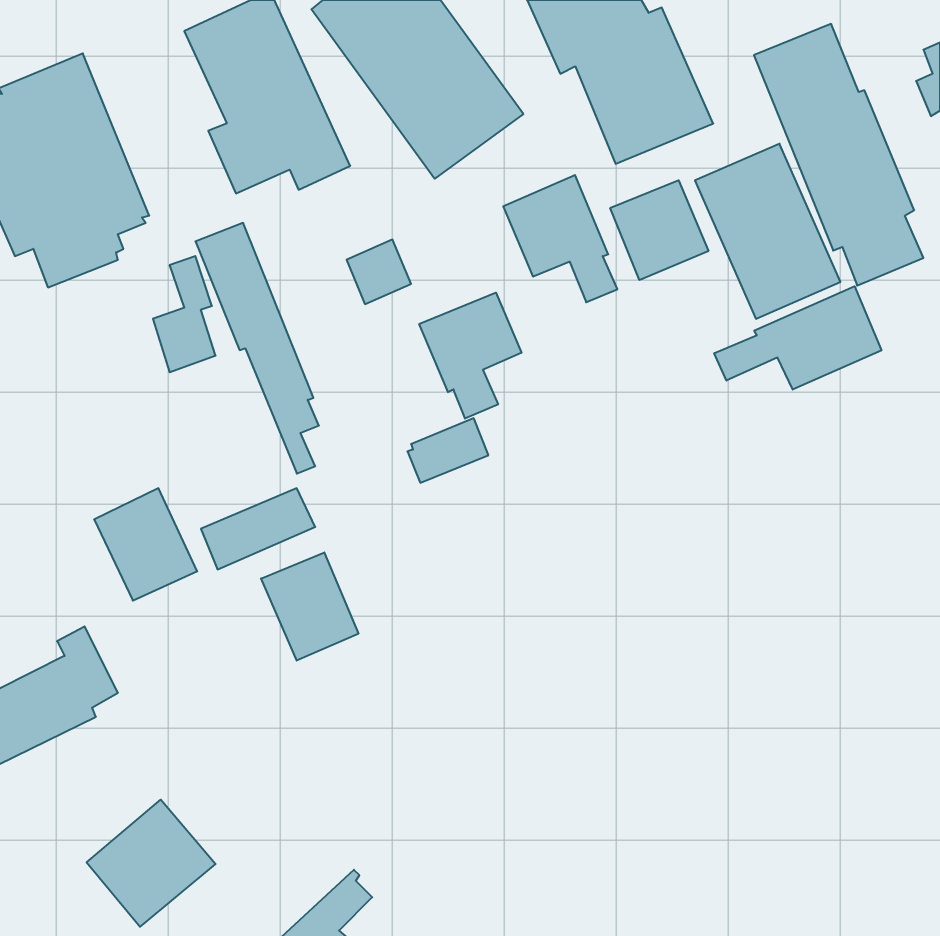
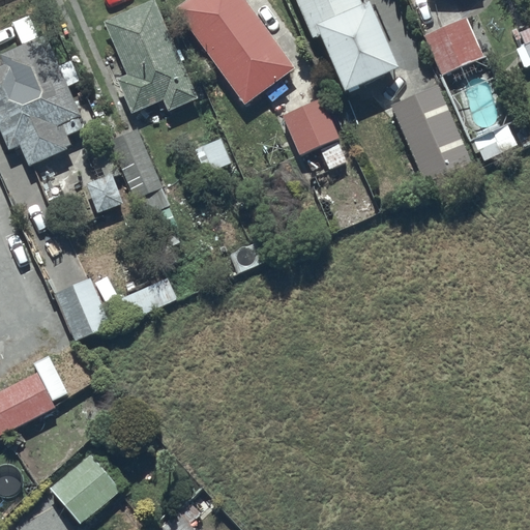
building: [610,180,708,280] -> none
building: [714,286,881,390] -> none
building: [419,293,521,419] -> none
building: [261,552,358,661] -> none

